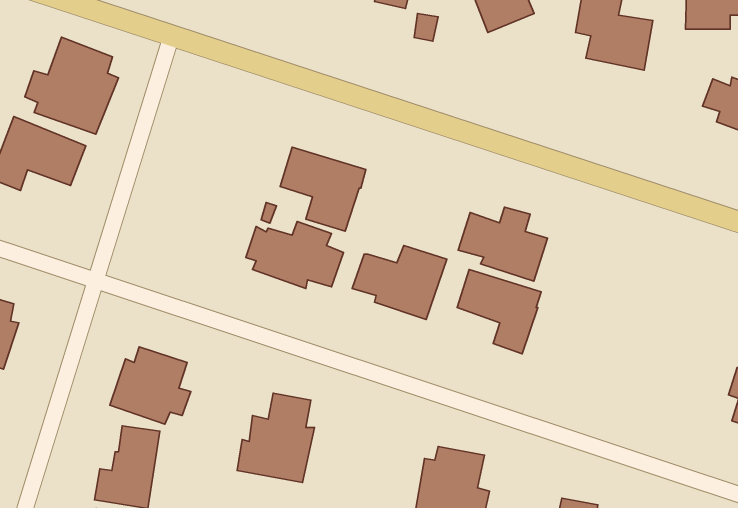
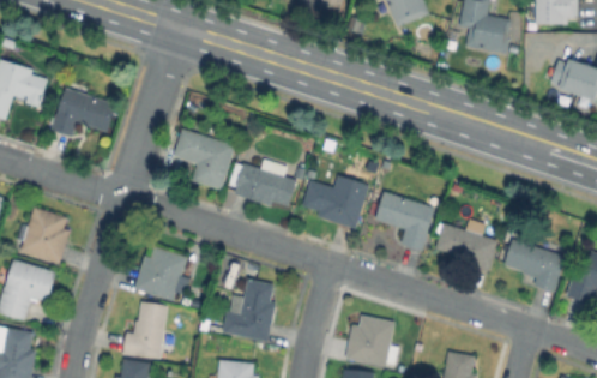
building: [25,37,119,134] -> none
building: [280,147,366,231] -> [174,130,234,188]
building: [458,207,547,281] -> [435,220,498,271]
building: none -> [506,239,565,293]

